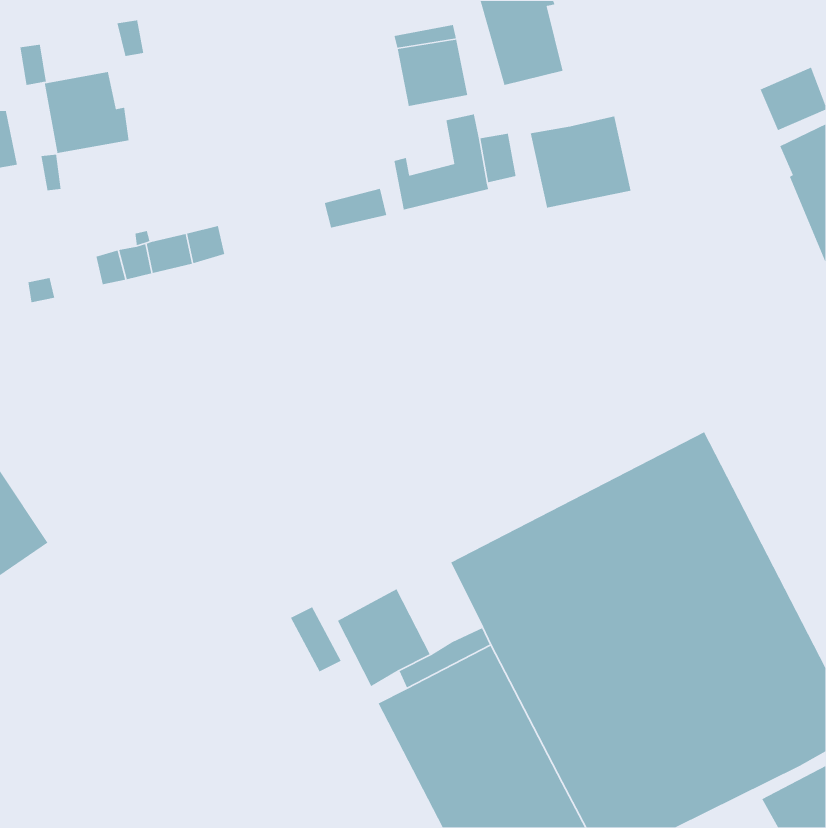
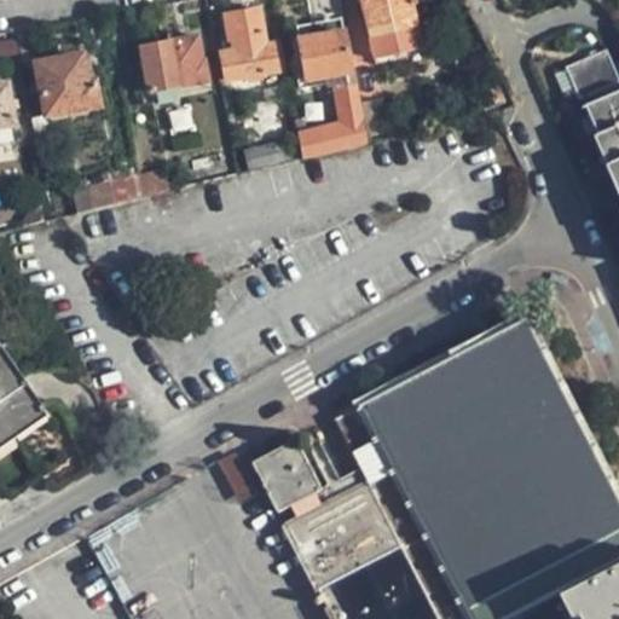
building: none -> [221,8,280,79]
building: none -> [138,35,208,92]
building: [530,116,632,208] -> none

